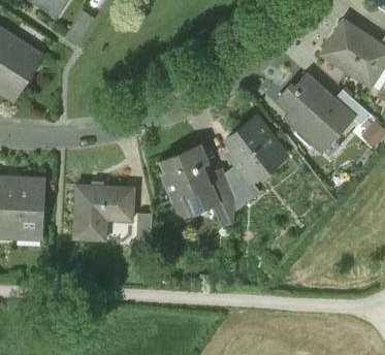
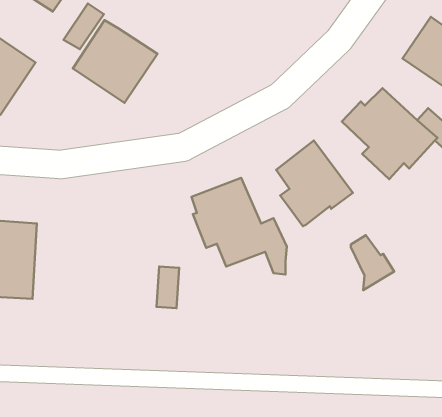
building: none -> [73,20,158,103]
building: [224,167,257,209] -> [351,235,394,290]
building: [72,186,133,240] -> none

